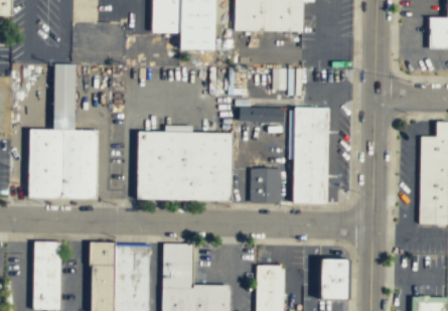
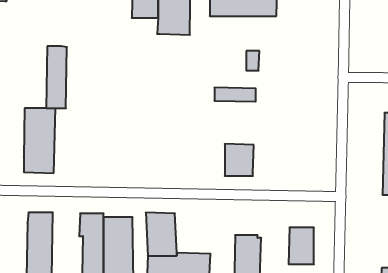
building: [291,109,327,201] -> none
building: [65,130,102,199] -> none
building: [134,133,230,203] -> none

